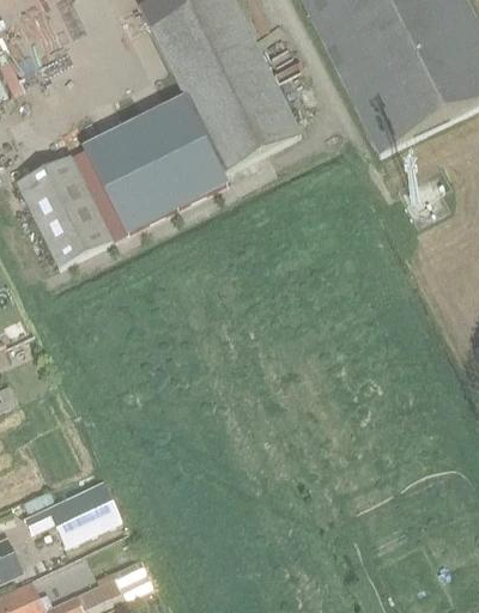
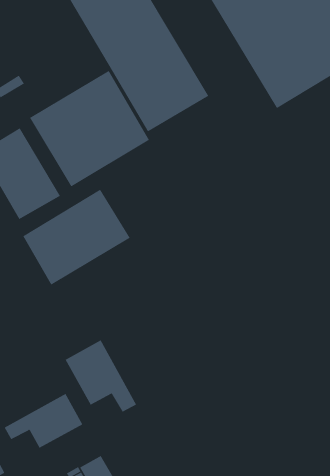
building: none -> [22,189,130,285]
building: none -> [65,339,137,413]

